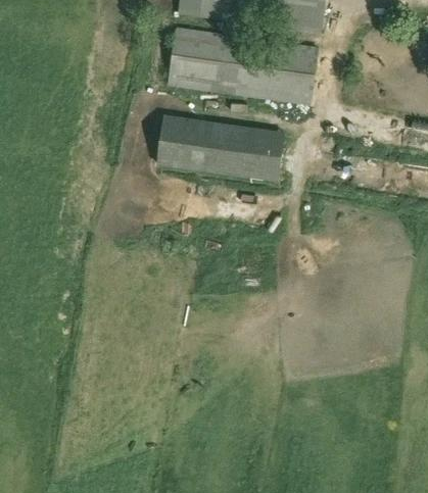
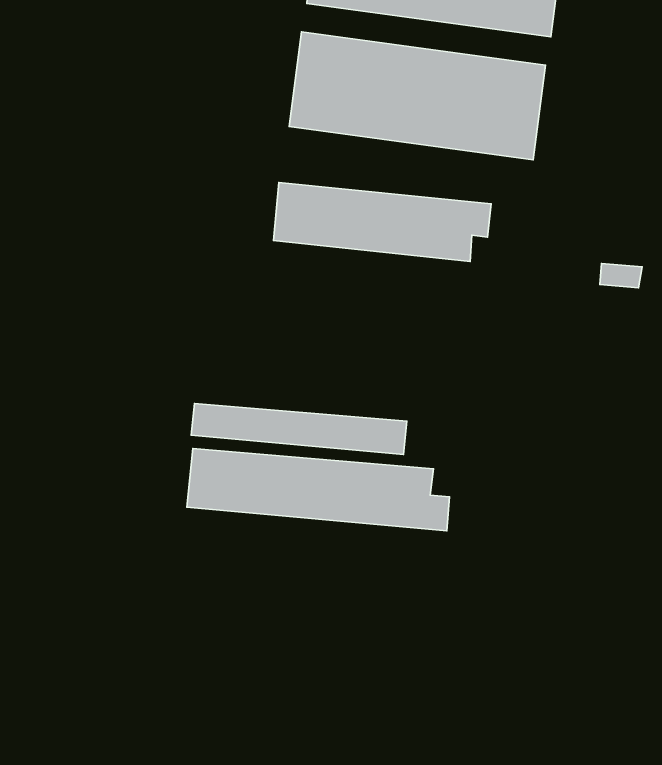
building: [154,155,280,185] -> [191,404,407,454]
building: none -> [187,448,450,531]

